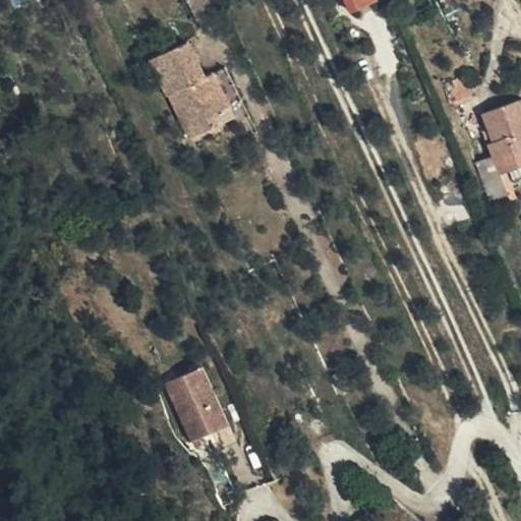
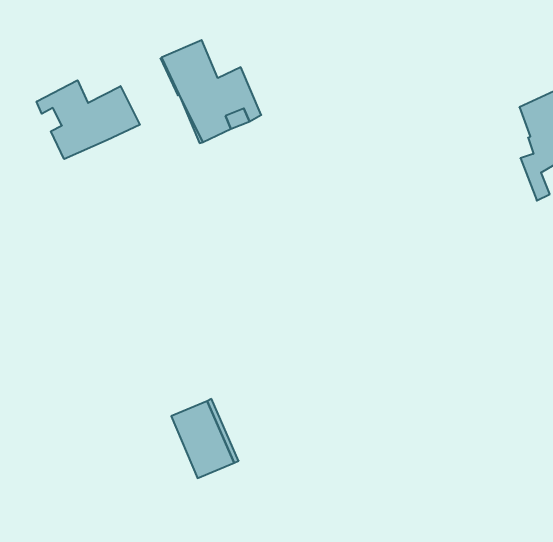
building: none -> [37,80,140,159]

